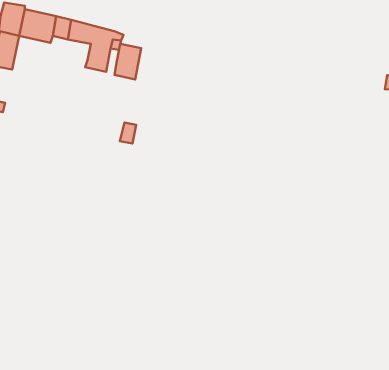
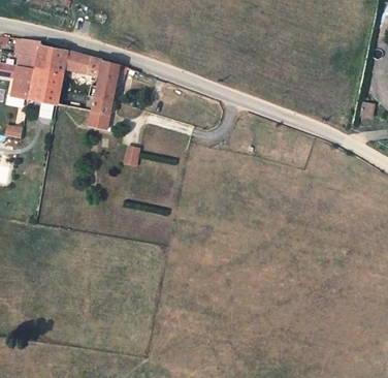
building: none -> [28,68,62,104]
building: [114,44,141,79] -> [88,96,111,128]

